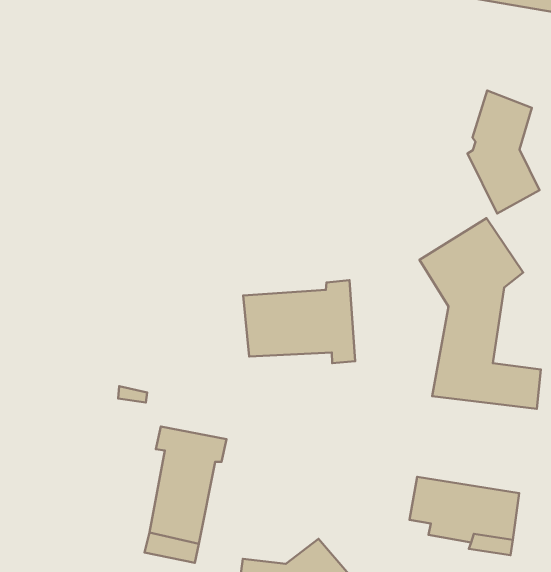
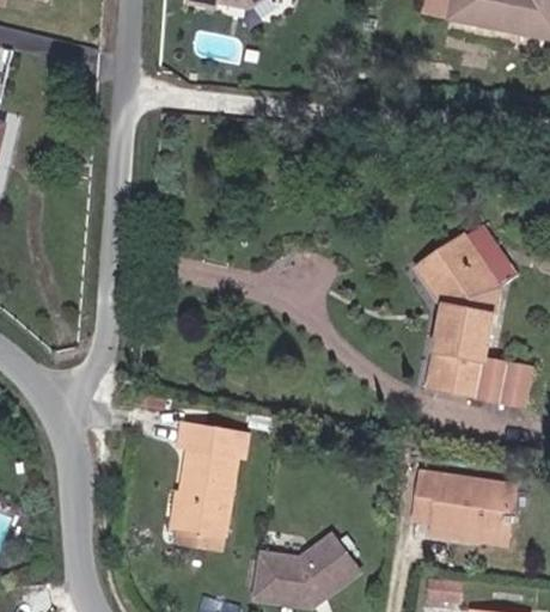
building: [467,91,540,213] -> none
building: [243,280,355,363] -> none

